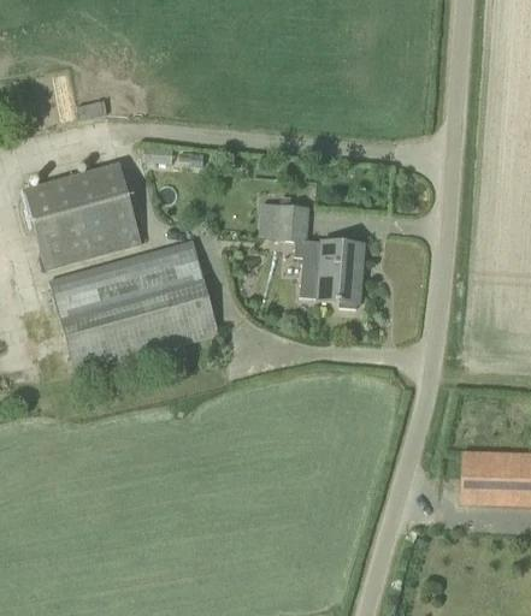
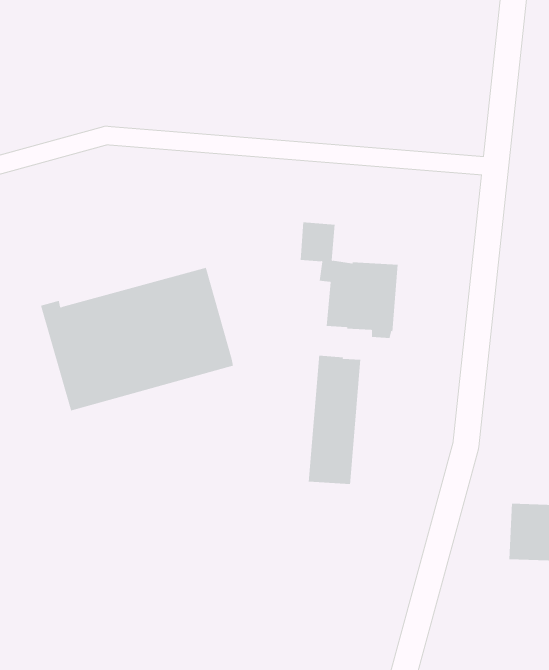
building: [24,162,141,267] -> none
building: none -> [308,355,361,485]

